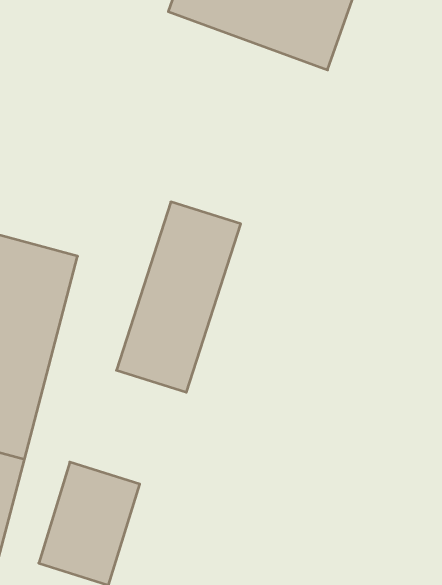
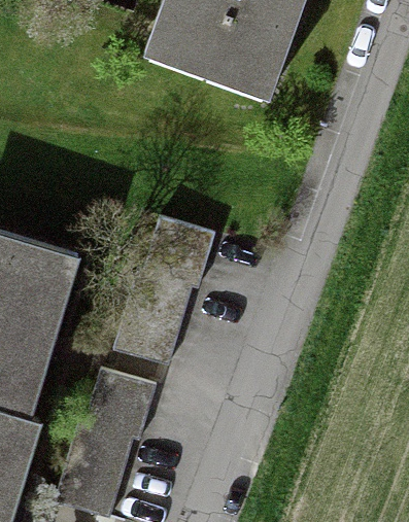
building: none -> [74,364,146,436]

